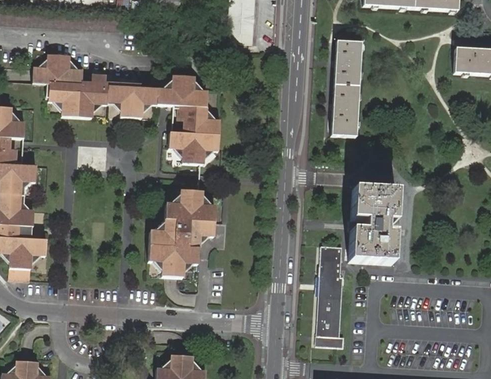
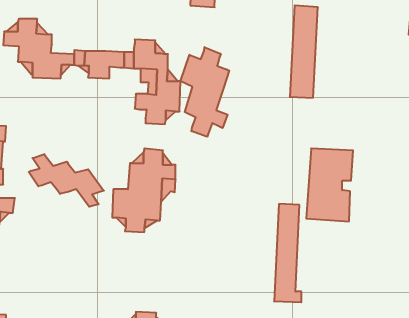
building: [85,76,141,91] -> none
building: none -> [181,47,229,137]
building: none -> [29,154,104,207]

